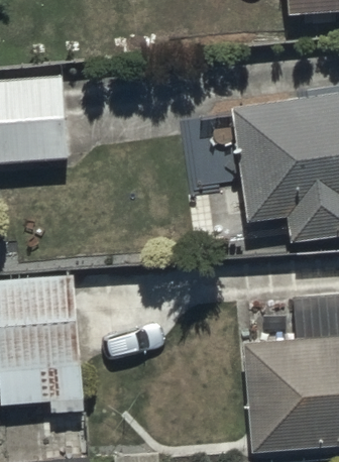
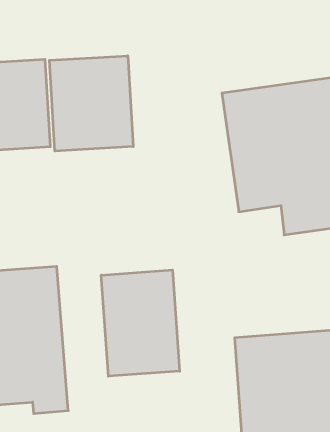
building: none -> [49,56,133,151]
building: none -> [101,270,180,376]

